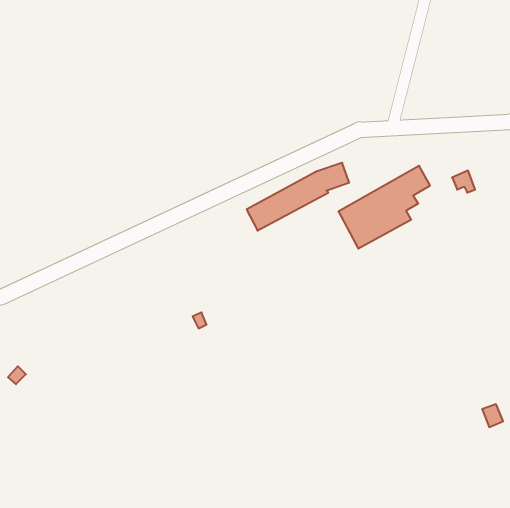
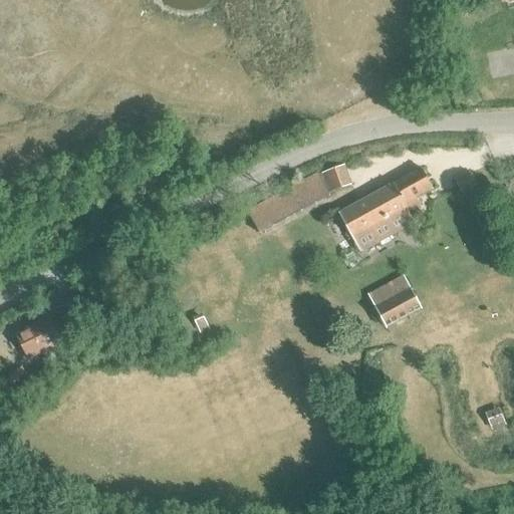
building: none -> [367,274,422,327]
building: none -> [16,316,60,357]

